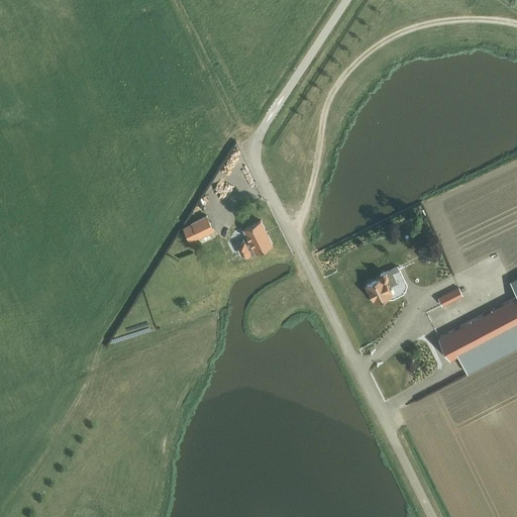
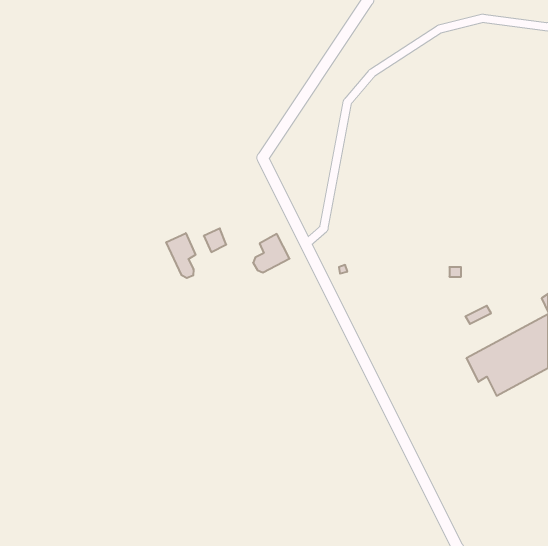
building: none -> [166,233,195,278]
building: [367,269,399,304] -> none

